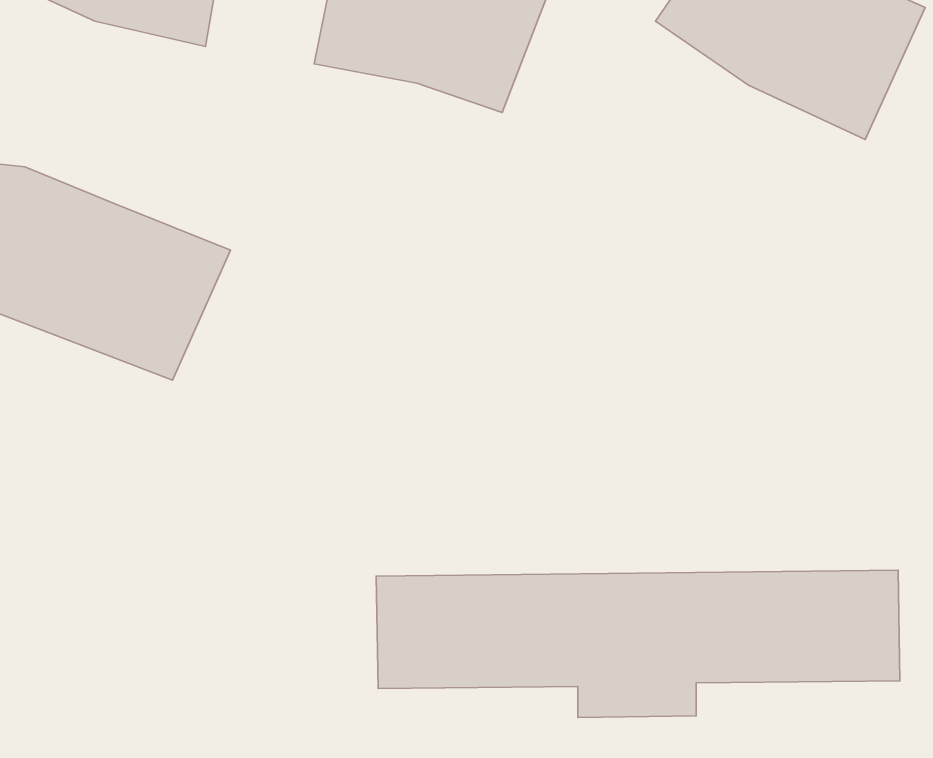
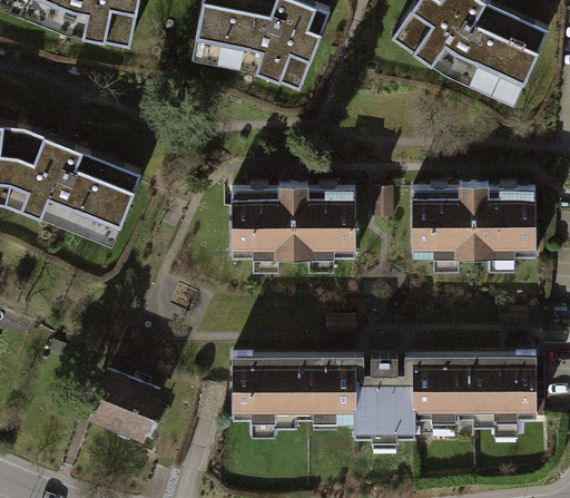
building: none -> [228,194,355,262]
building: none -> [410,194,527,262]
building: none -> [82,367,156,437]

